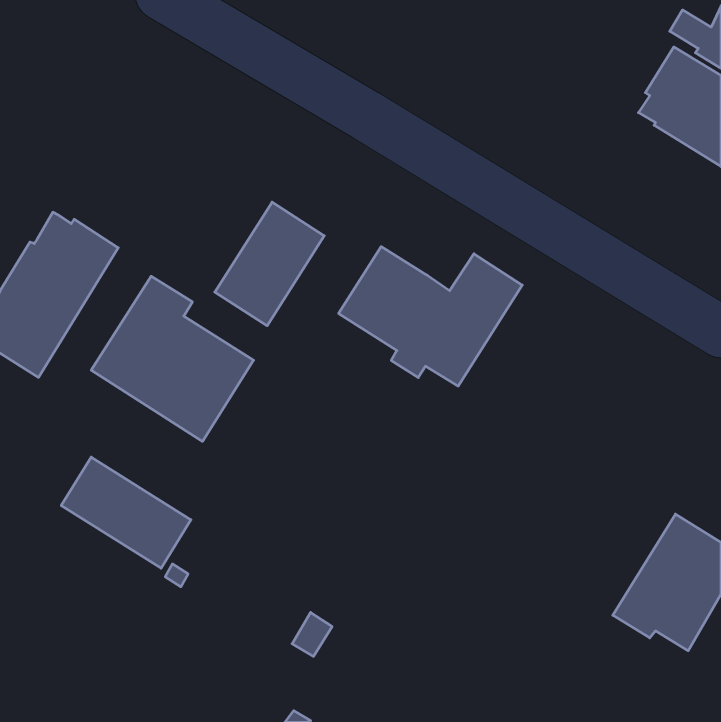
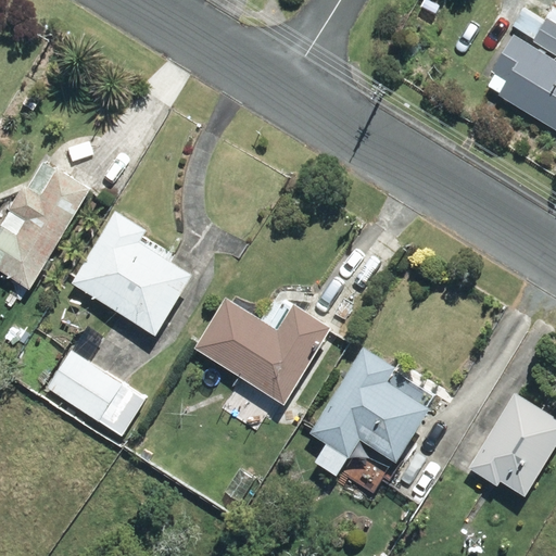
building: [215,202,324,326] -> none
building: [339,247,522,386] -> [192,298,332,404]
building: none -> [309,345,432,477]

